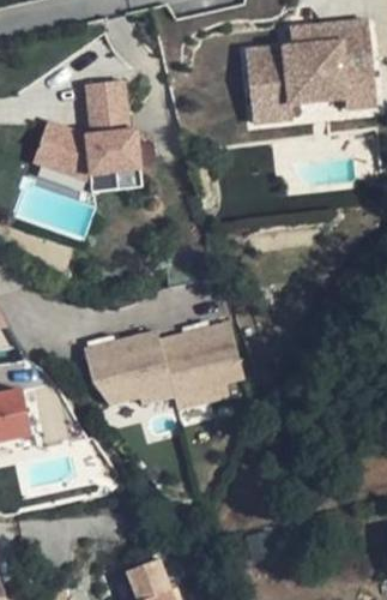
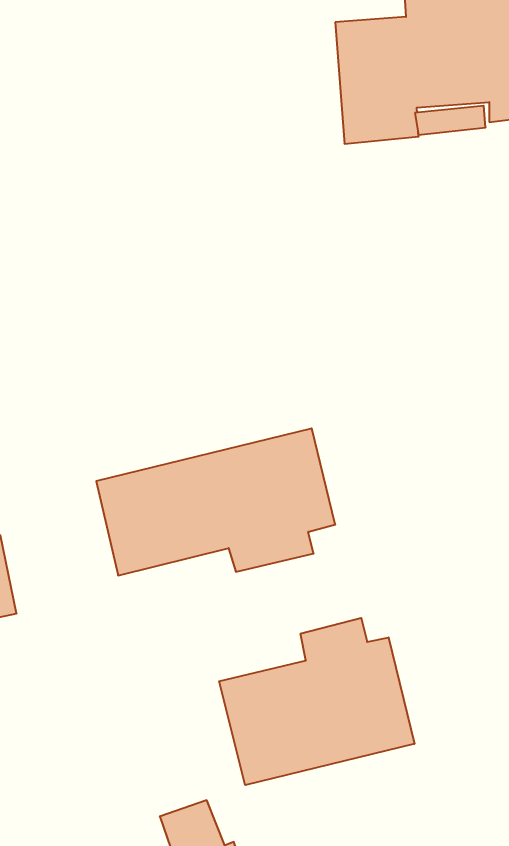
building: [36,79,138,179] -> none
building: none -> [219,618,414,785]

